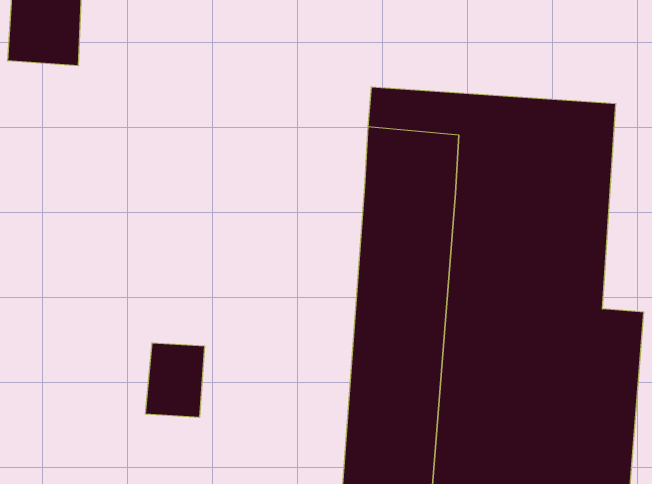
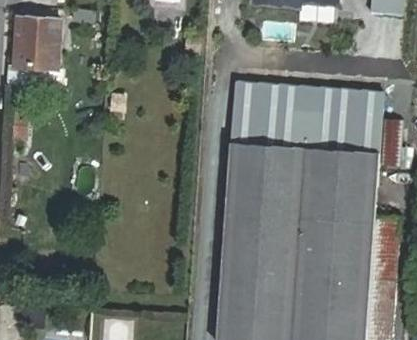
building: [146,343,204,417] -> none

